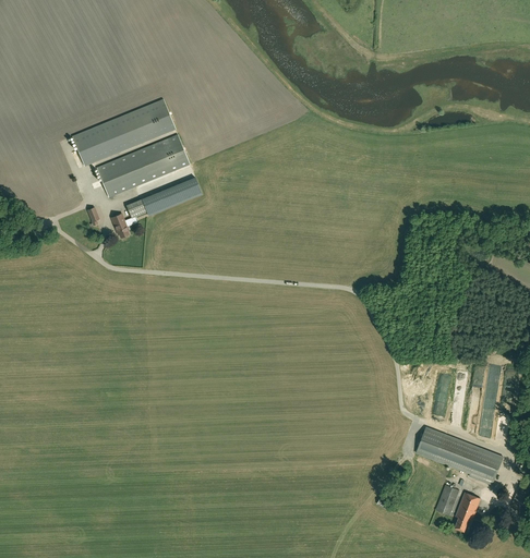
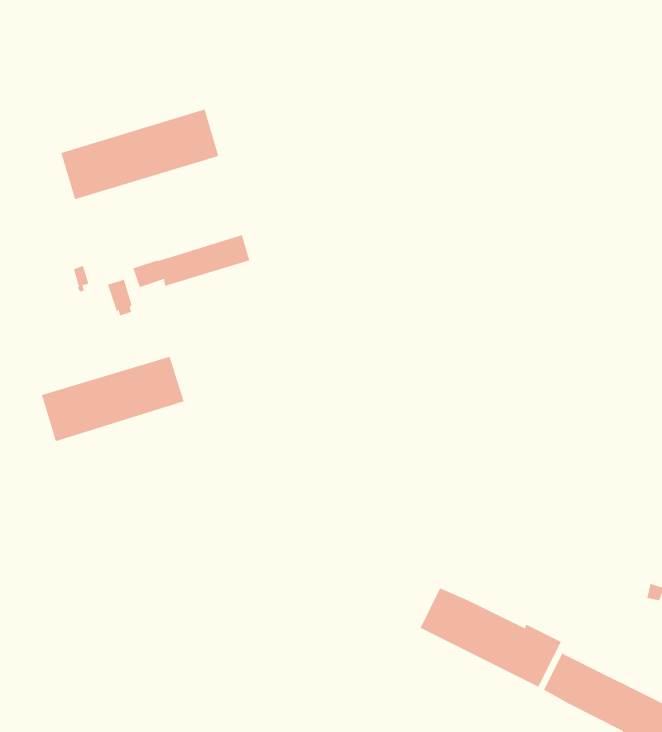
building: [96,135,189,197] -> [41,356,184,442]
building: none -> [420,587,561,688]

